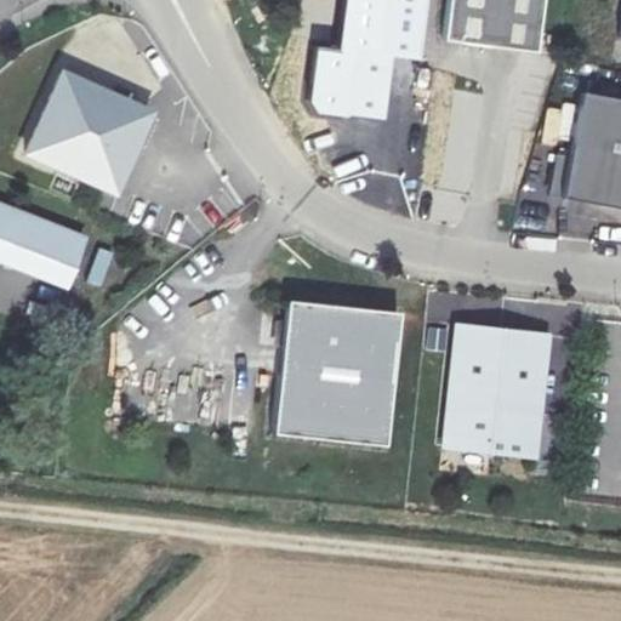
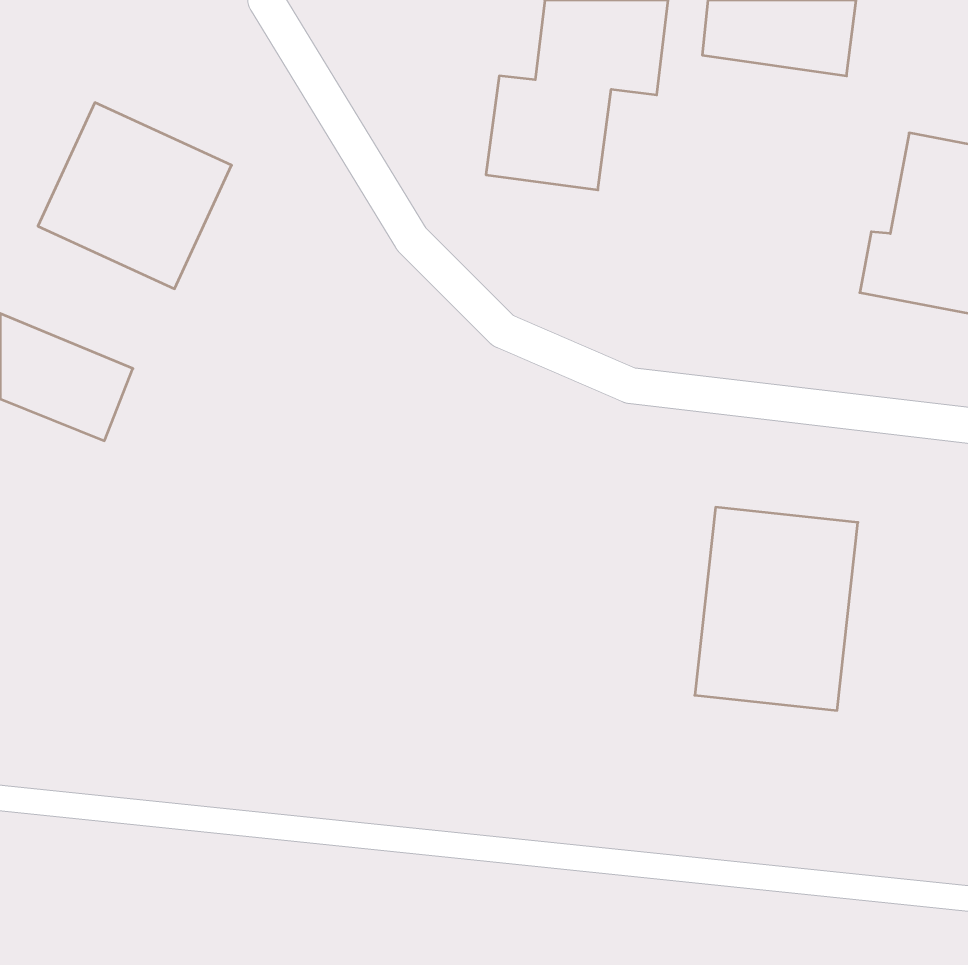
building: [277,301,400,444] -> none

